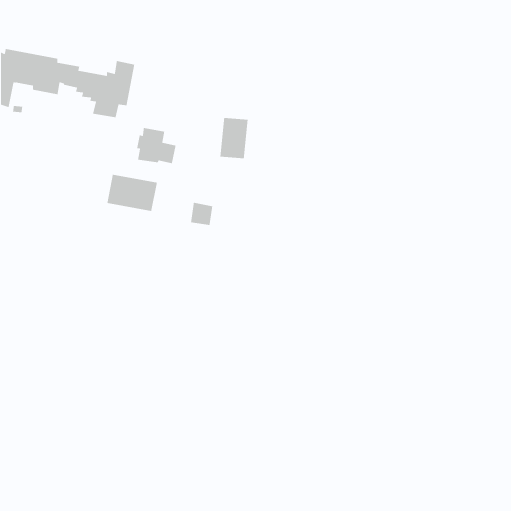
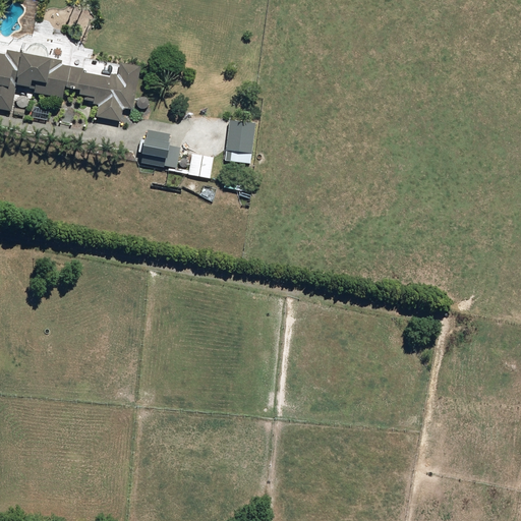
building: [106,174,158,212] -> none
building: [190,202,213,226] -> [190,153,214,177]

